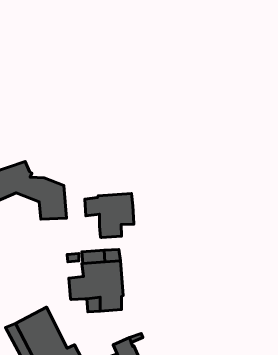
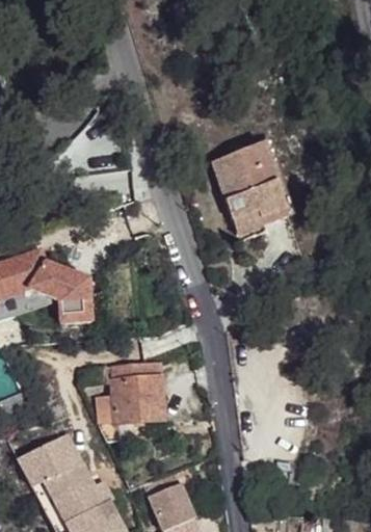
building: none -> [202,130,272,220]
building: [85,194,134,238] -> none

